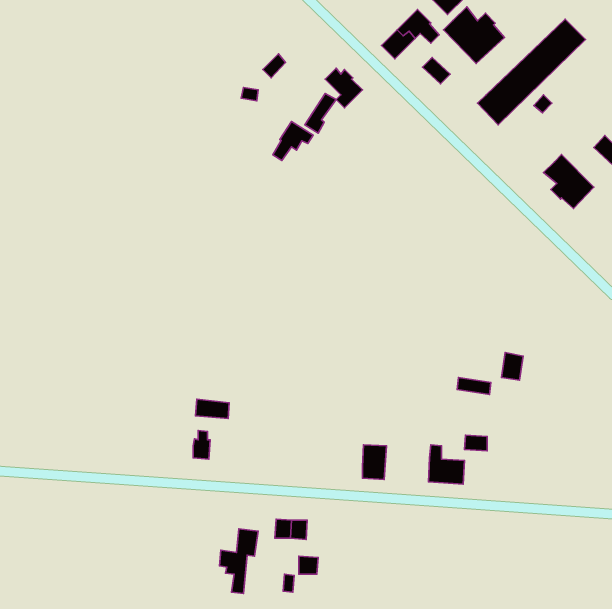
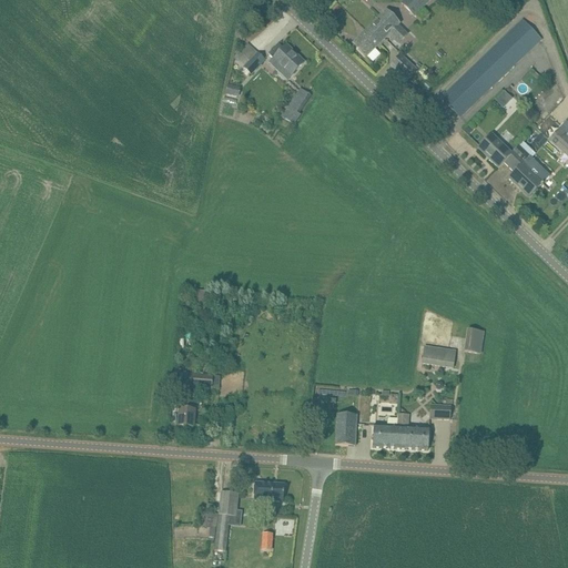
building: [443,7,504,64] -> none
building: [325,68,362,108] -> [270,41,304,78]
building: [273,121,313,161] -> none
building: none -> [480,130,514,164]
building: none -> [373,423,398,446]

